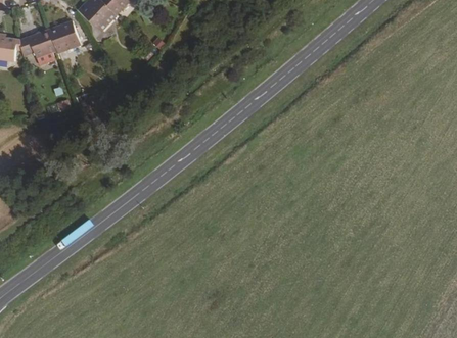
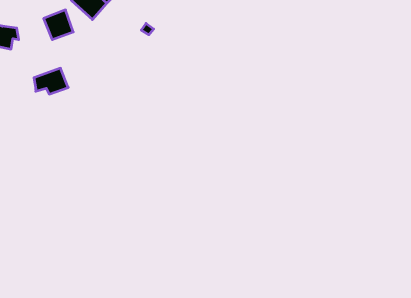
building: [19,31,56,58] -> [34,68,68,94]

